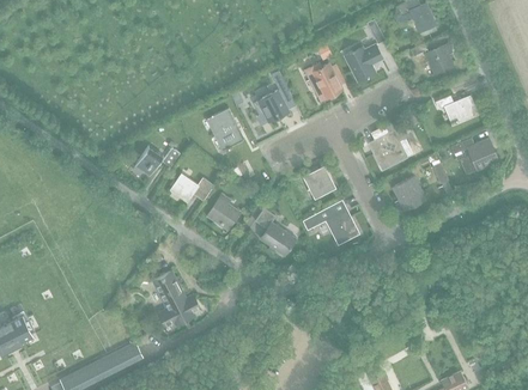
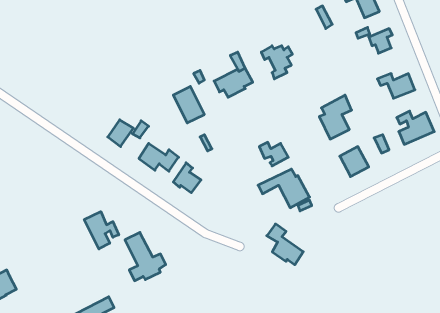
building: [345,44,382,80] -> none
building: [254,207,295,252] -> [267,224,303,265]
building: none -> [84,212,119,249]

